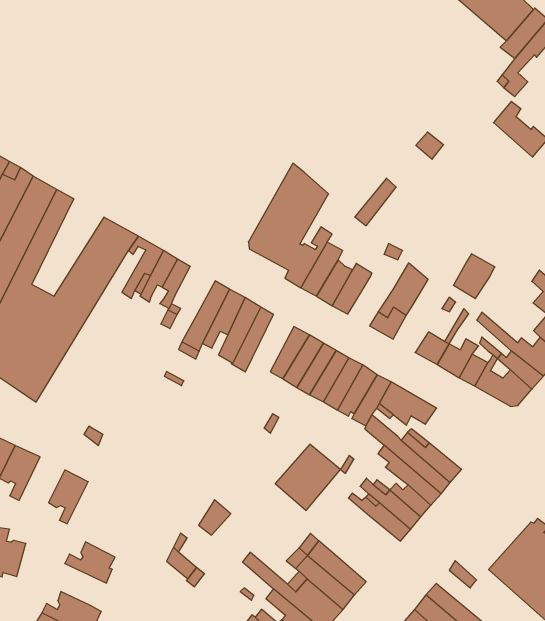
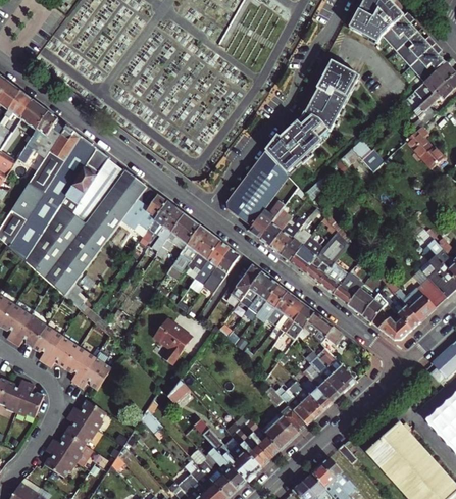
building: none -> [264,63,360,176]
building: none -> [71,157,128,223]
building: [453,254,495,299] -> [319,262,350,294]
building: none -> [170,214,200,248]
building: none -> [290,237,323,271]
building: none -> [154,317,192,363]
building: [275,444,341,510] -> [260,404,307,450]
building: none -> [44,335,79,367]
building: none -> [75,348,111,389]
building: none -> [65,411,98,443]

